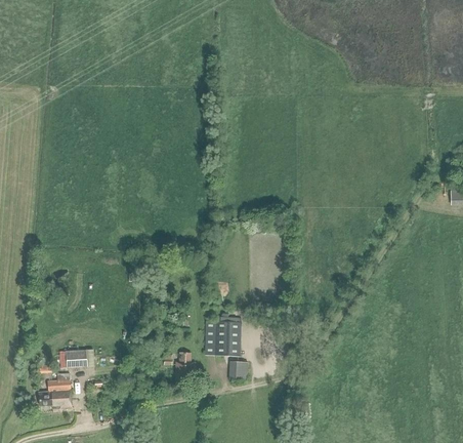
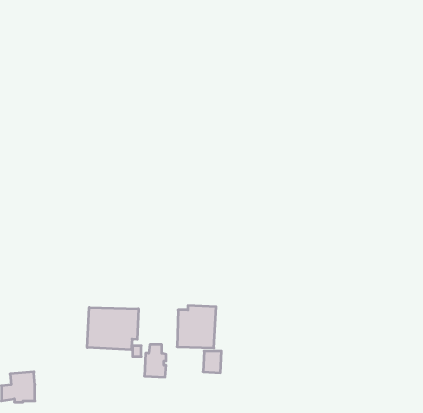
building: none -> [87,307,138,350]
building: [60,349,86,366] -> none

